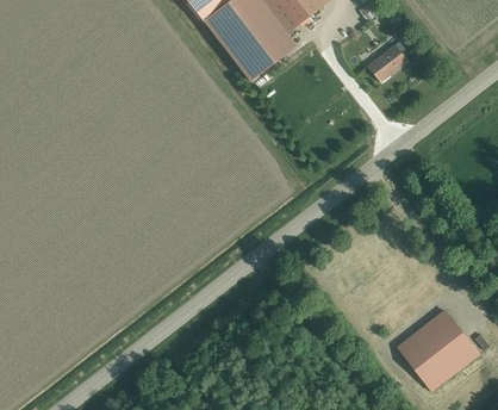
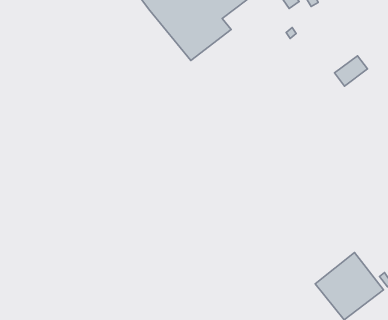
building: [368,44,407,80] -> [334,56,367,86]

